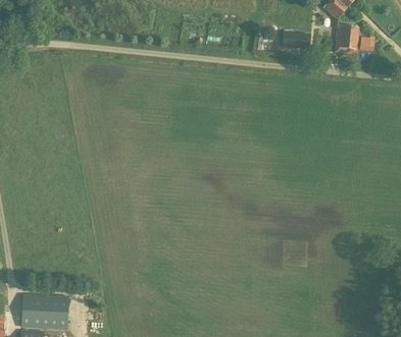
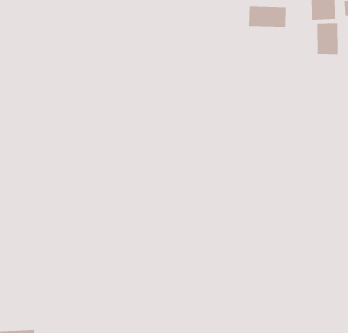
building: none -> [316,23,339,55]

